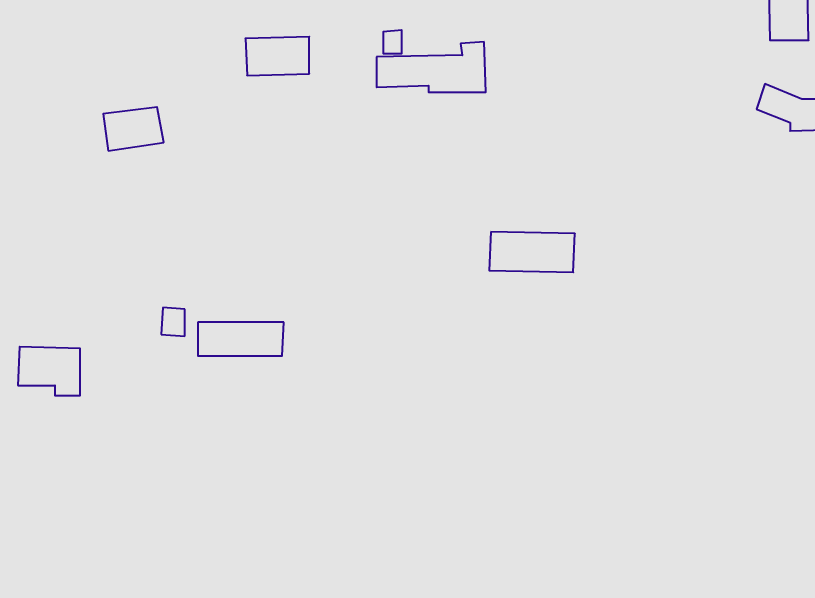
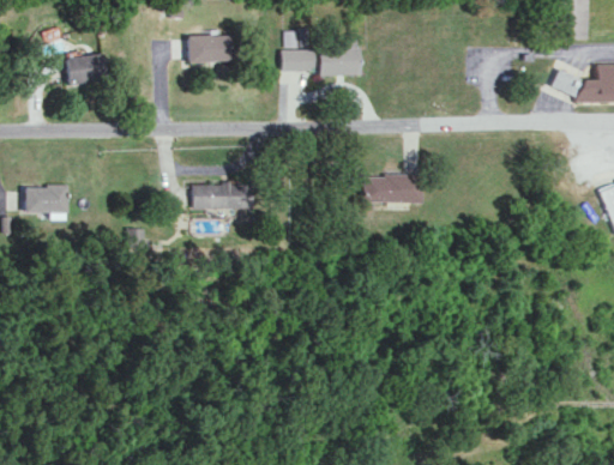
building: [103,107,164,151] -> [65,53,108,84]
building: [198,322,284,356] -> [191,183,252,207]
building: [18,347,80,396] -> [24,185,68,219]

